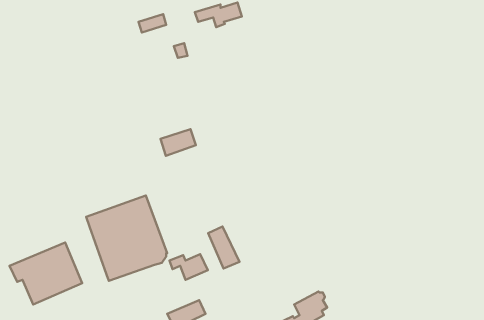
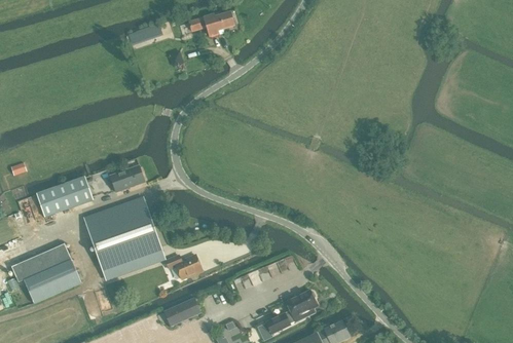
building: [161,129,196,156] -> [110,165,144,191]
building: none -> [36,177,93,217]
building: [208,227,239,268] -> none

